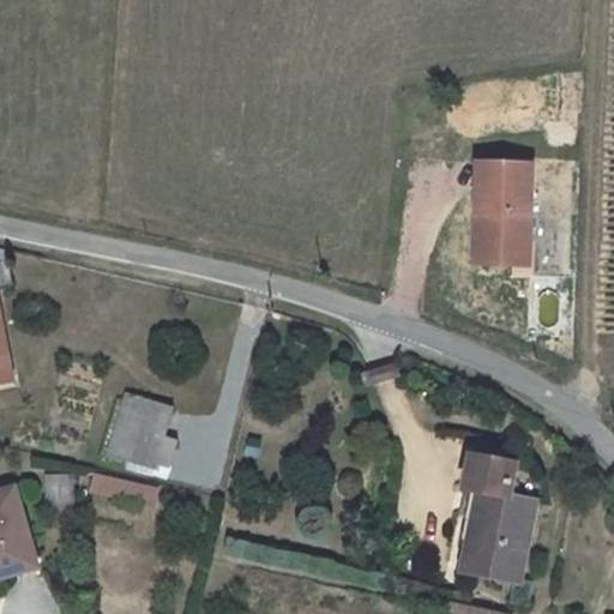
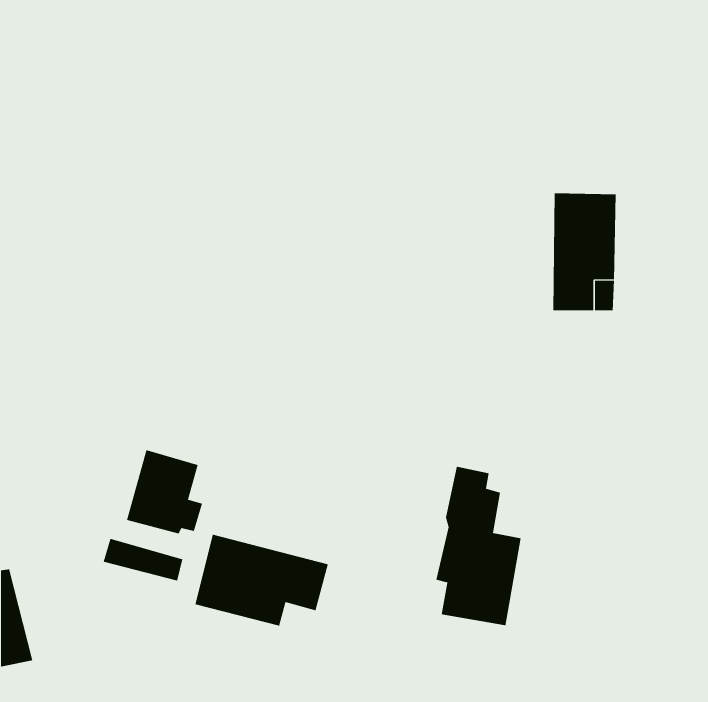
building: [453,440,528,578] -> [435,466,522,626]
building: none -> [195,534,329,626]

